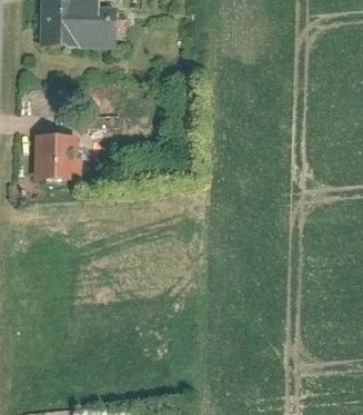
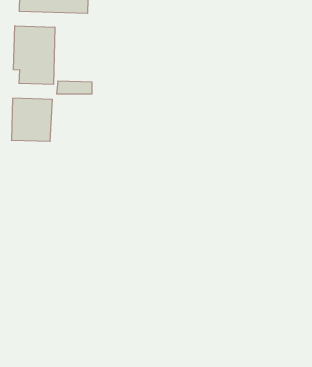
building: none -> [14,26,55,84]

